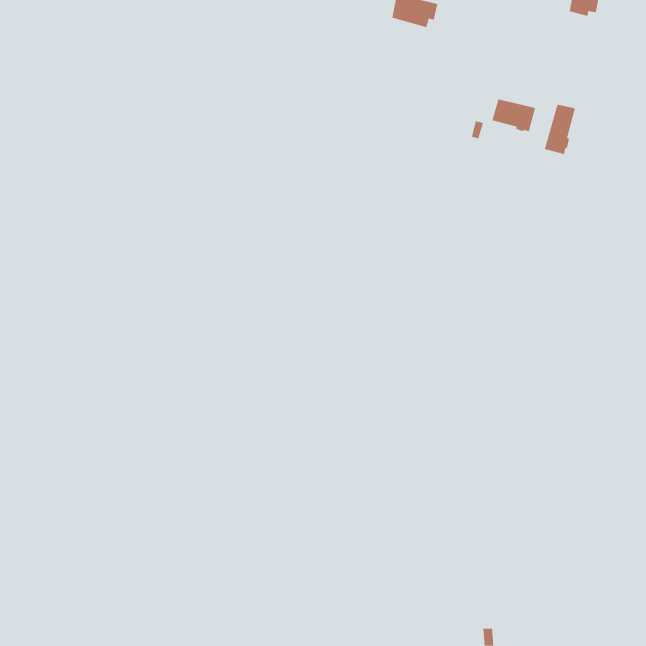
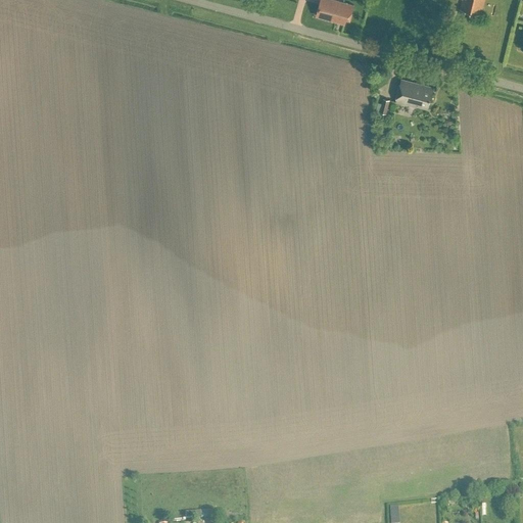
building: [544,104,575,155] -> none

